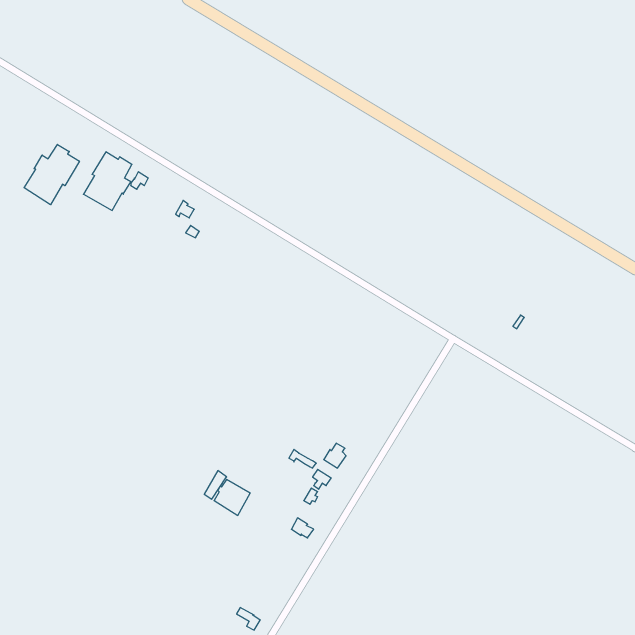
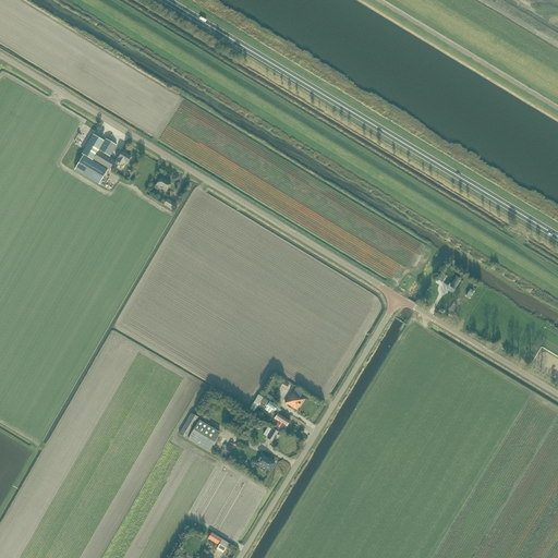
building: [24,144,79,205] -> none

